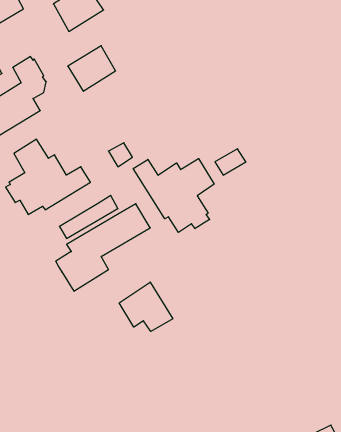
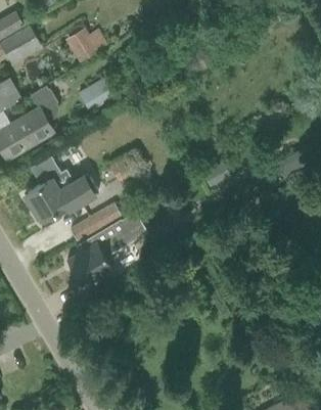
building: [133,159,214,232] -> none
building: [119,282,173,331] -> none

